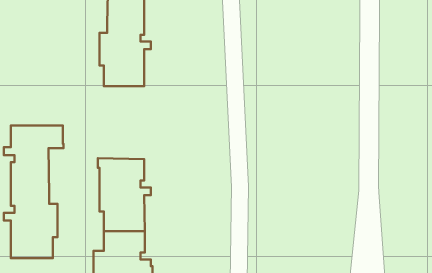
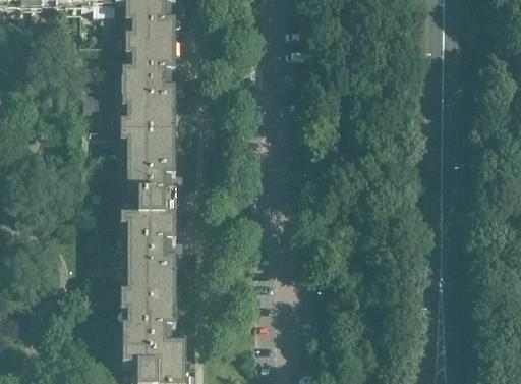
building: none -> [119,127,182,214]
building: [4,125,64,258] -> none

